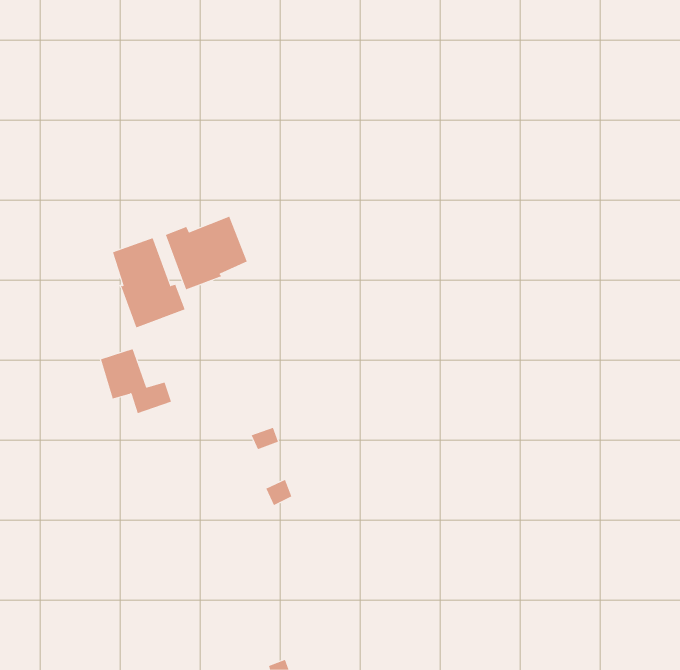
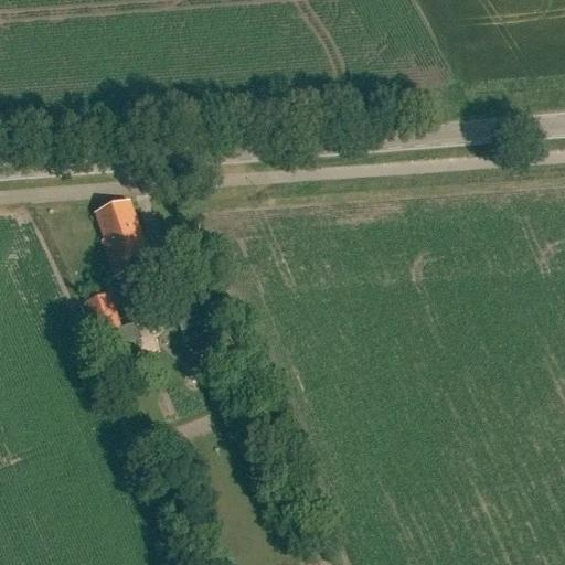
building: [165,216,247,290] -> none

